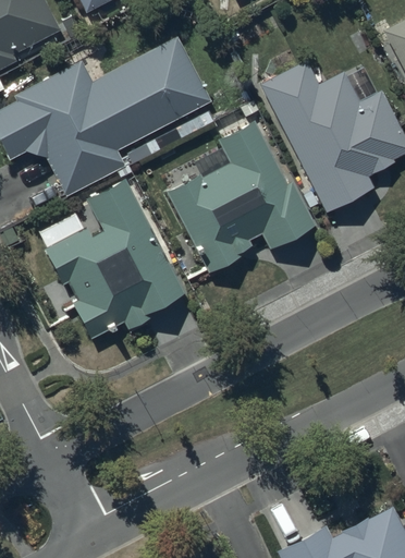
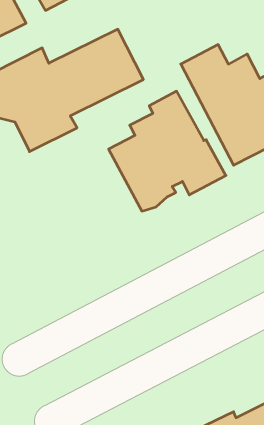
building: [45,179,186,339] -> none

